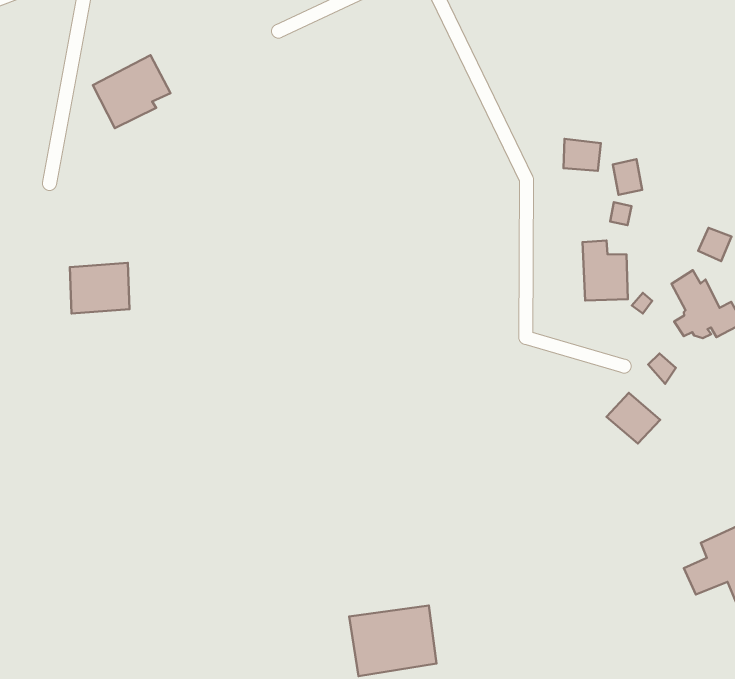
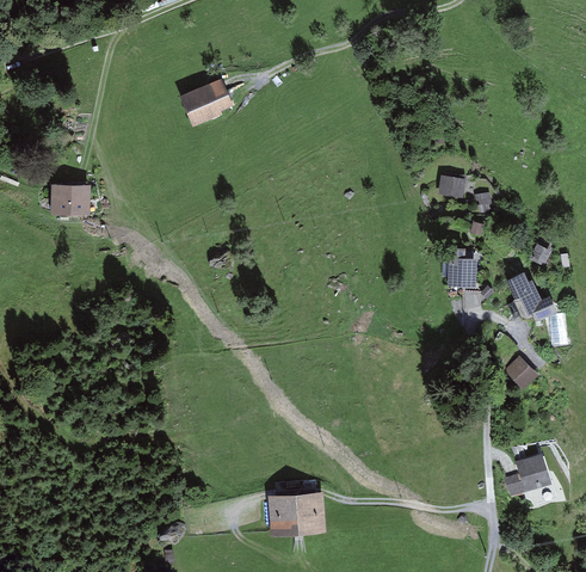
building: [93,55,171,128] -> [179,78,233,127]
building: [70,263,130,313] -> [49,183,91,215]
building: [607,393,660,444] -> [501,353,538,389]

